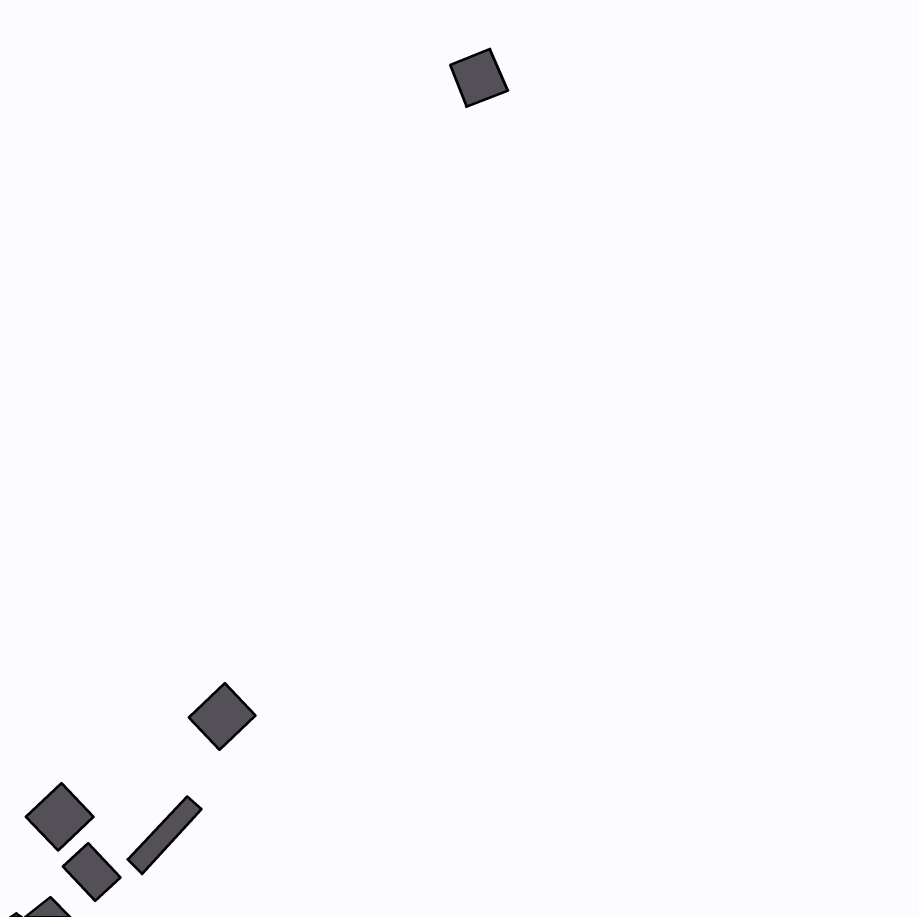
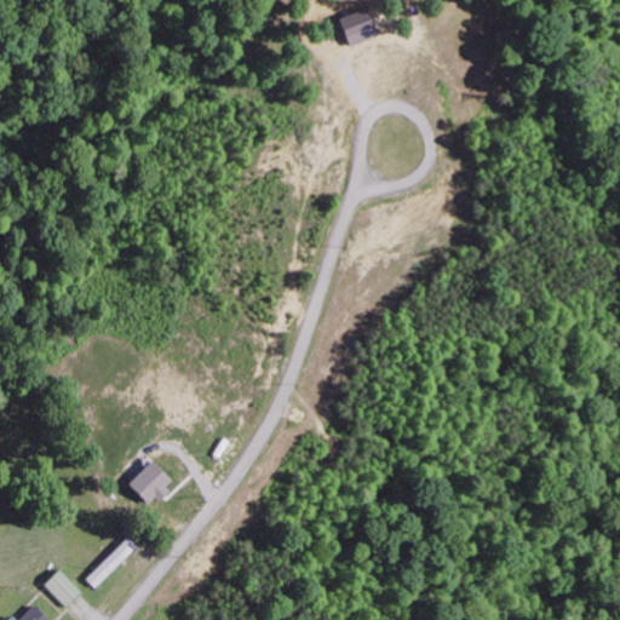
building: [450,49,508,107] -> [337,7,375,46]
building: [26,783,93,850] -> none

